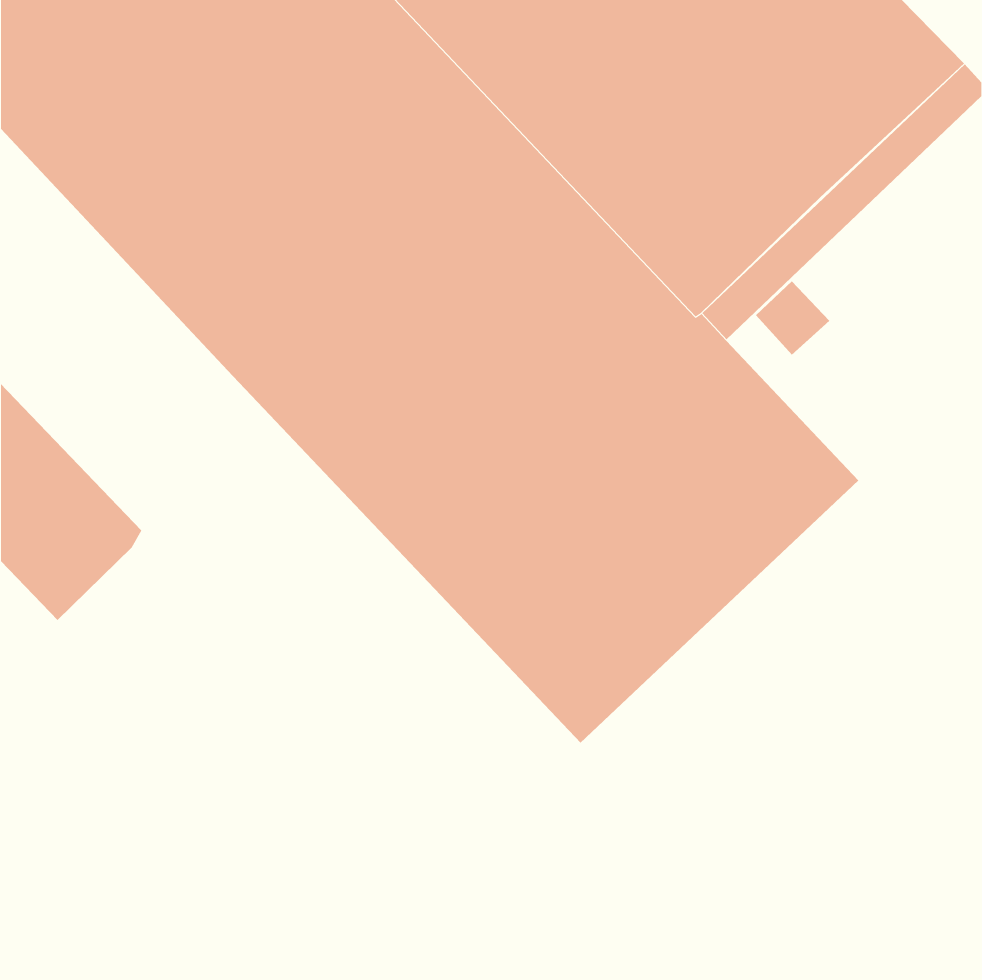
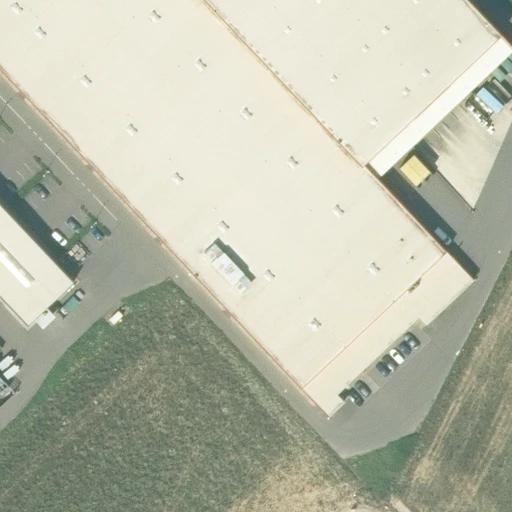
building: none -> [302,250,474,416]

